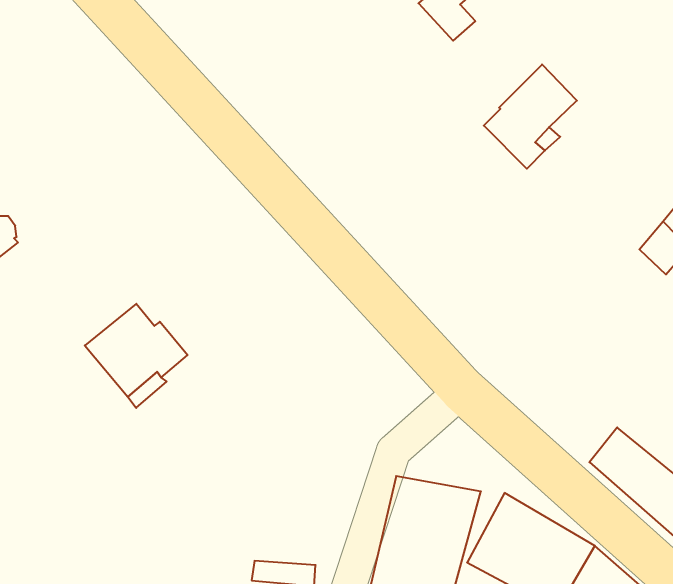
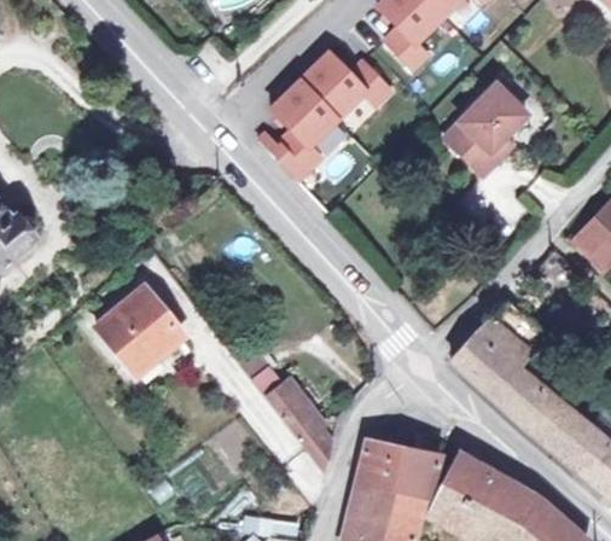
building: none -> [260,46,390,171]
building: none -> [453,299,559,427]
building: none -> [256,370,336,476]

